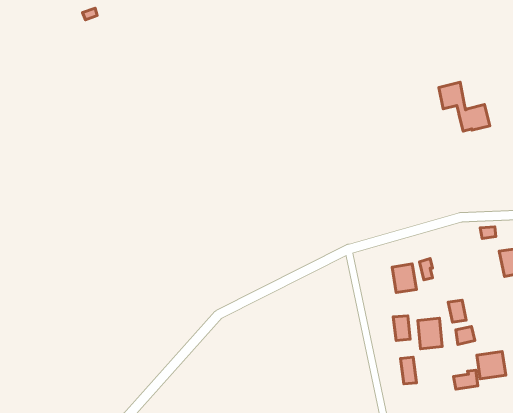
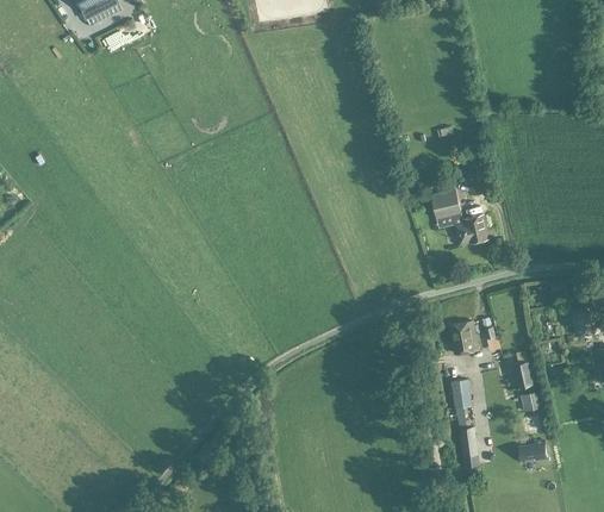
building: [439,82,490,131] -> [432,191,490,245]
building: [418,318,442,349] -> none
building: [477,352,506,379] -> none

